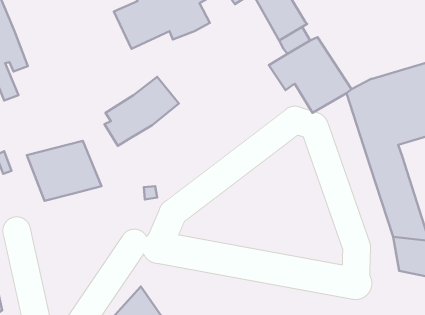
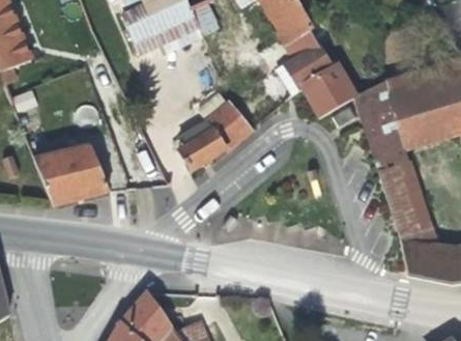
building: [104,77,179,146] -> [178,102,253,171]

